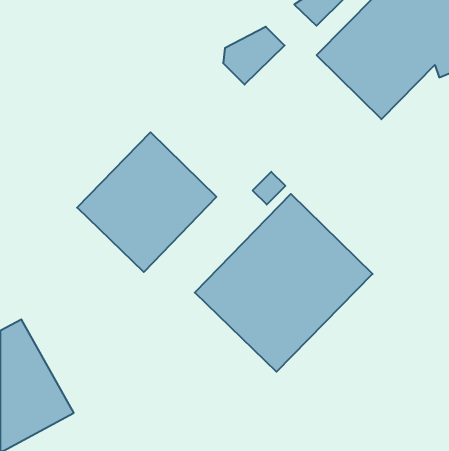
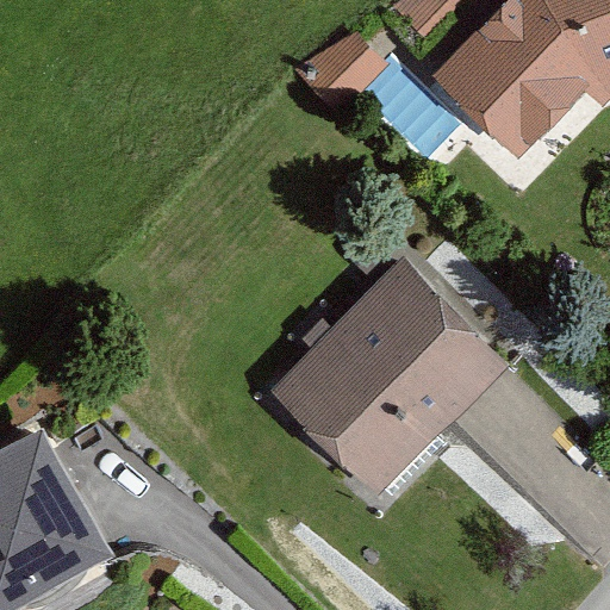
building: [77,132,216,272] -> none

